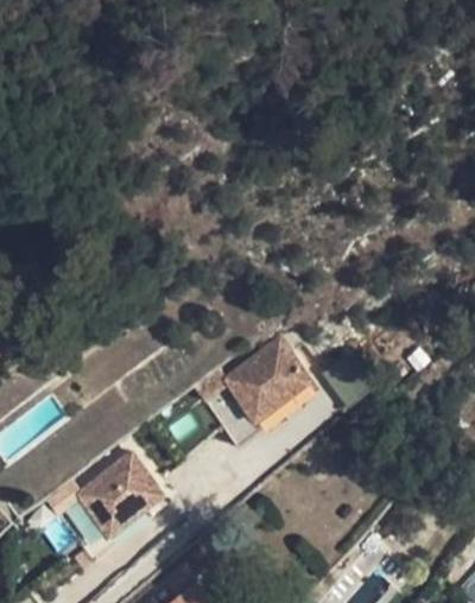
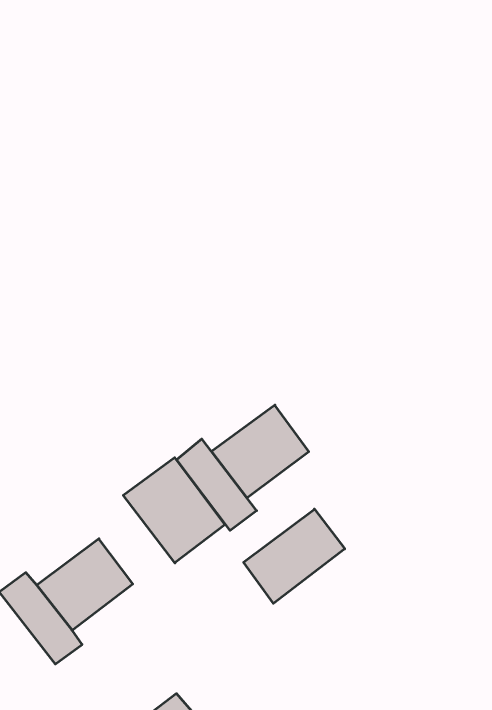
building: none -> [123,458,225,563]
building: none -> [244,509,345,603]

